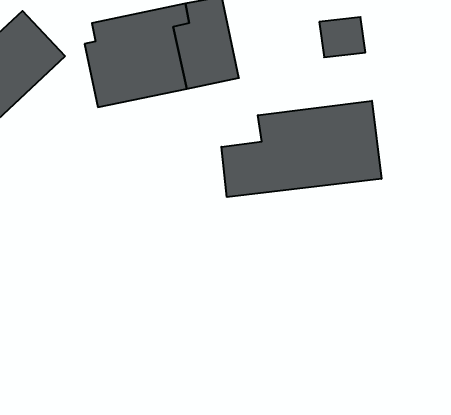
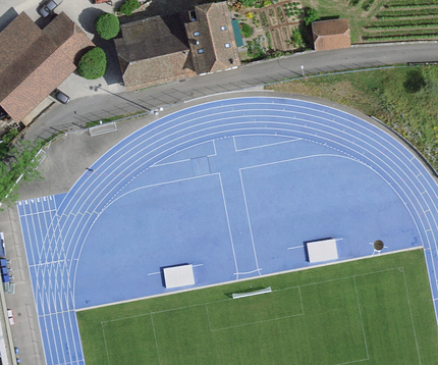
building: [221,101,381,197] -> none

